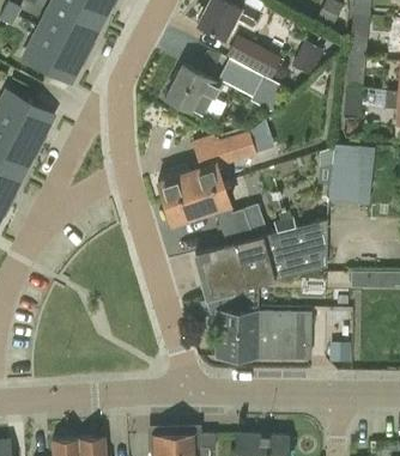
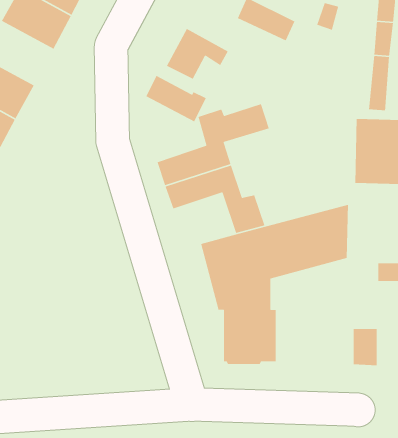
building: [223,60,277,102] -> [145,75,207,122]
building: [263,311,311,358] -> none

